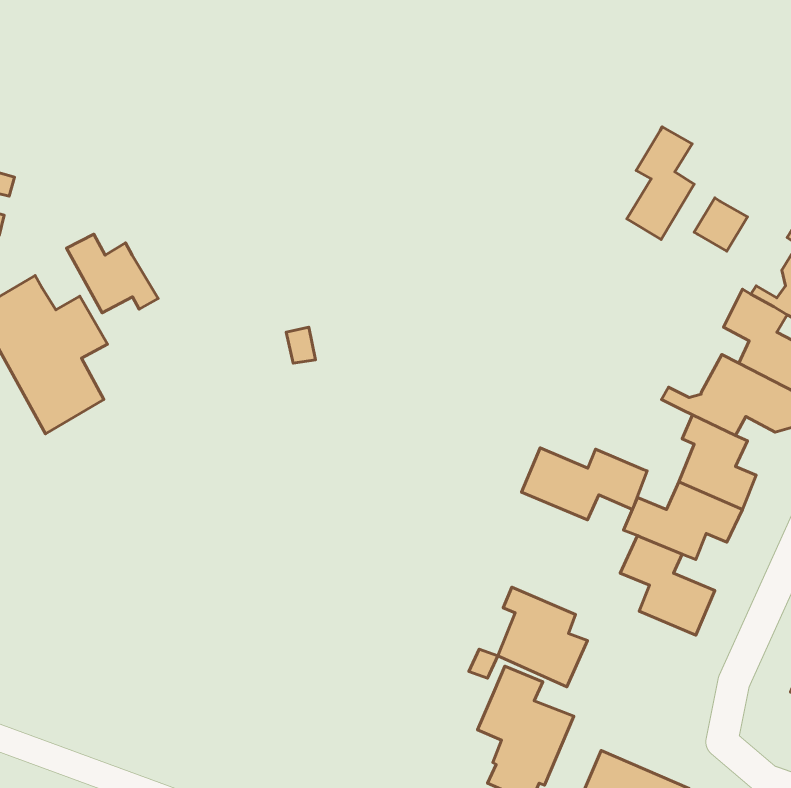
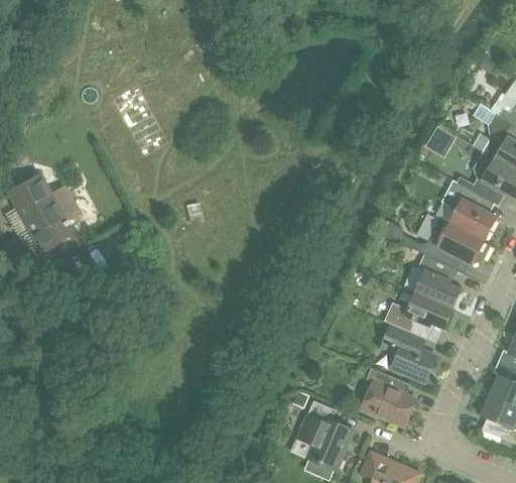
building: [627,127,694,239] -> none
building: [66,234,158,313] -> none
building: [521,448,647,520] -> none
building: [498,587,587,687] -> [364,367,416,426]

